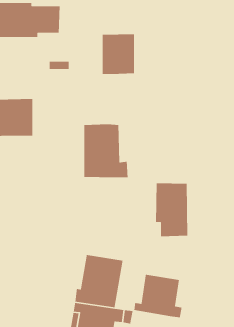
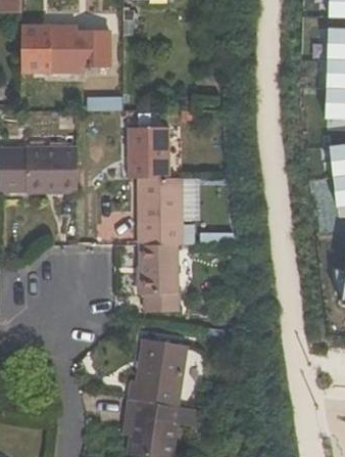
building: [102,33,135,75] -> [127,127,167,178]
building: [155,182,188,237] -> [137,243,178,311]
building: [133,274,183,318] -> none

